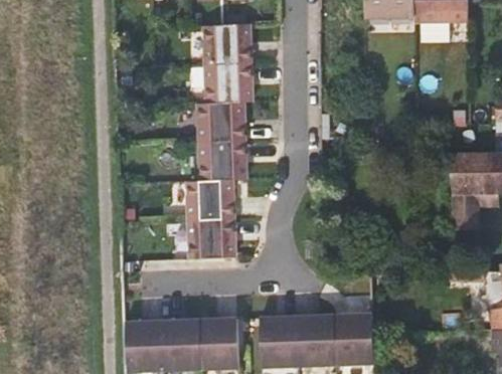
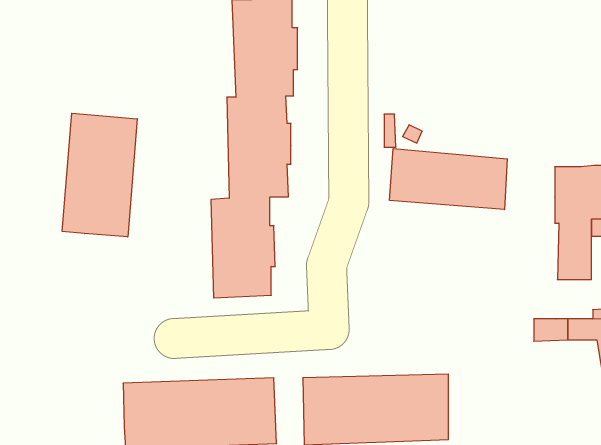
building: none -> [62,113,137,237]
building: none -> [390,149,507,210]

